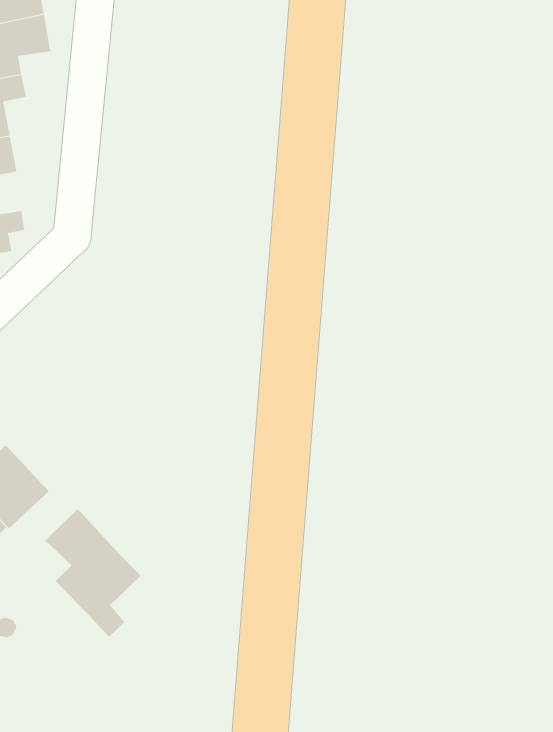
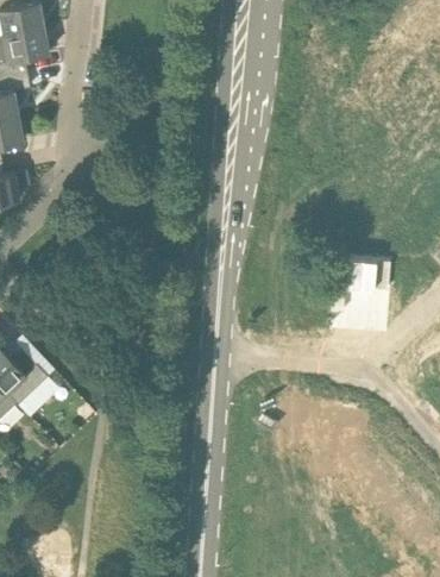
building: [45,508,142,638] -> none

